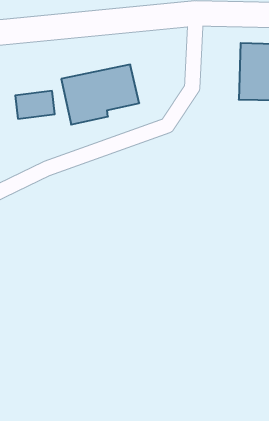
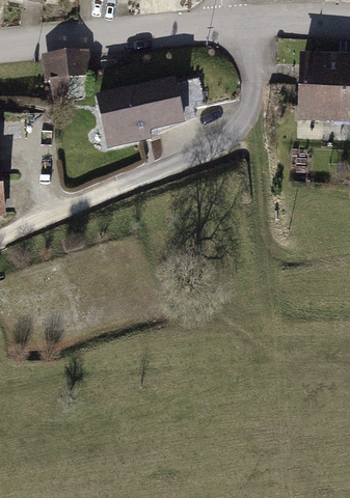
building: [15,91,55,119] -> [44,48,89,80]

